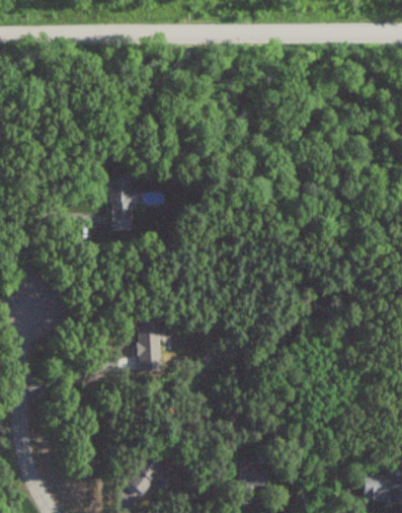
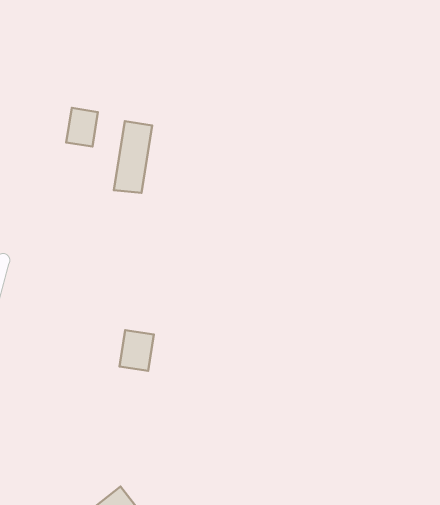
building: none -> [66,108,98,147]

